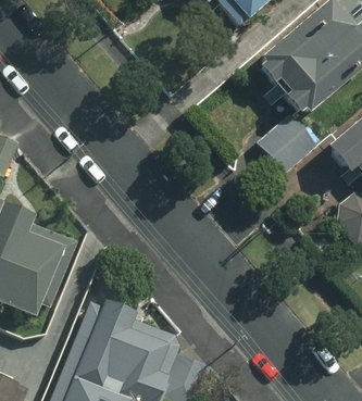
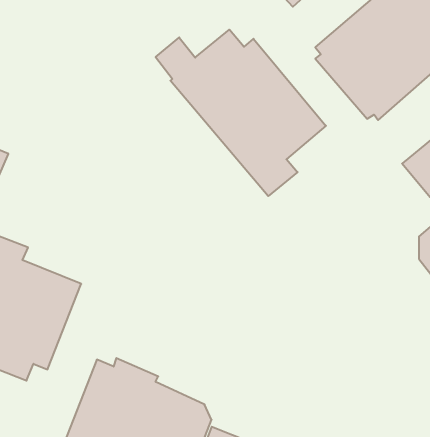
building: none -> [156,30,326,196]
building: [257,113,316,174] -> none

